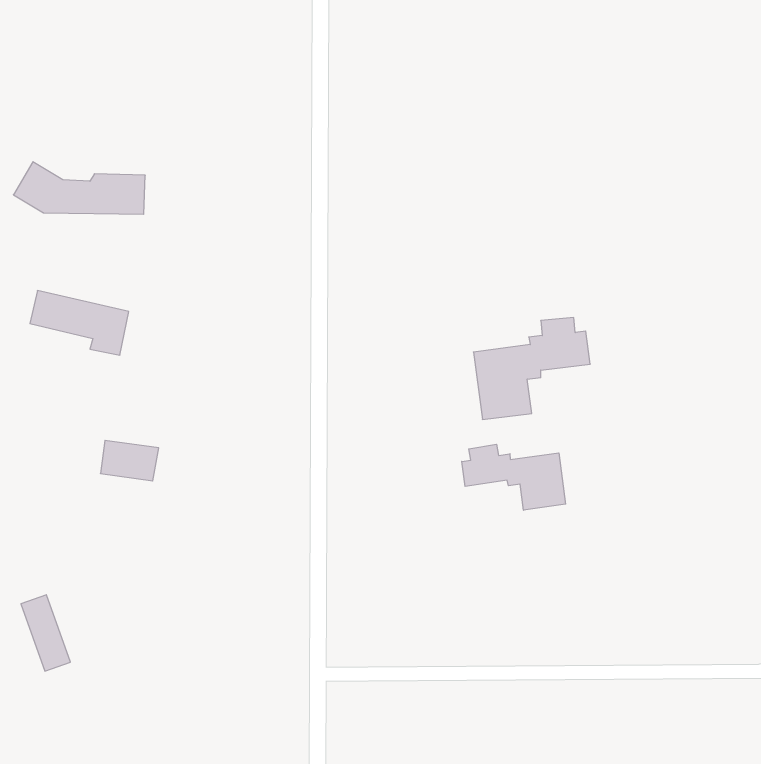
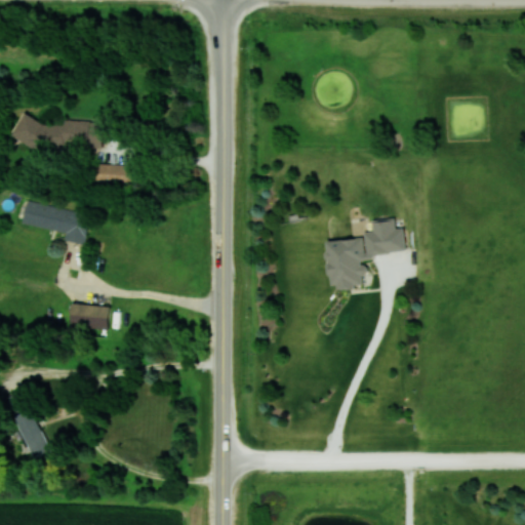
building: none -> [94,164,127,183]
building: [462,444,566,510] -> none

